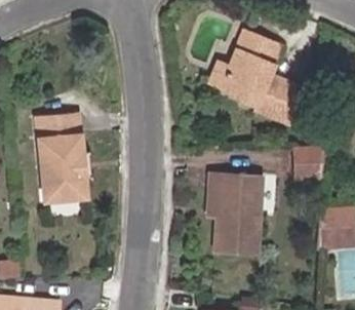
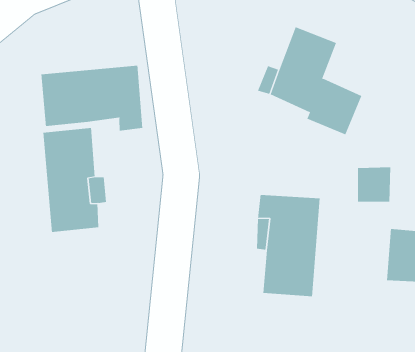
building: none -> [41,65,143,131]

